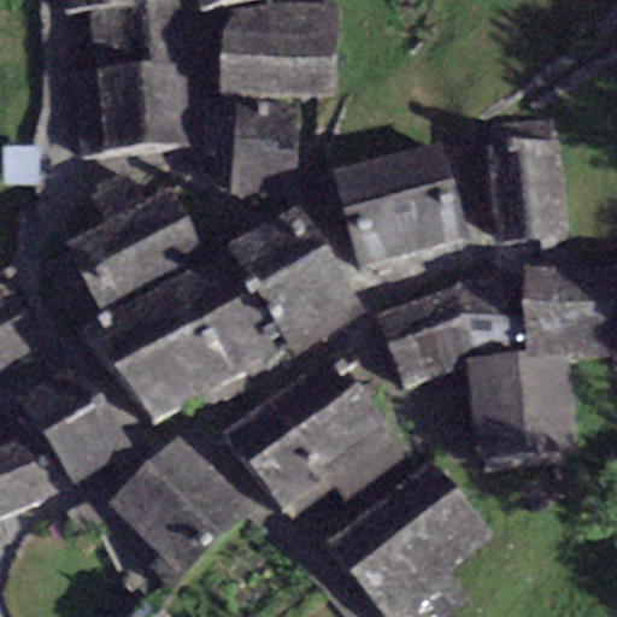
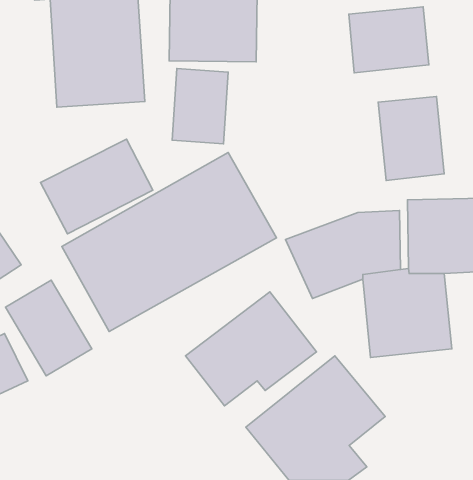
building: none -> [349,7,429,73]
building: [330,142,468,269] -> none
building: [108,437,247,576] -> none

